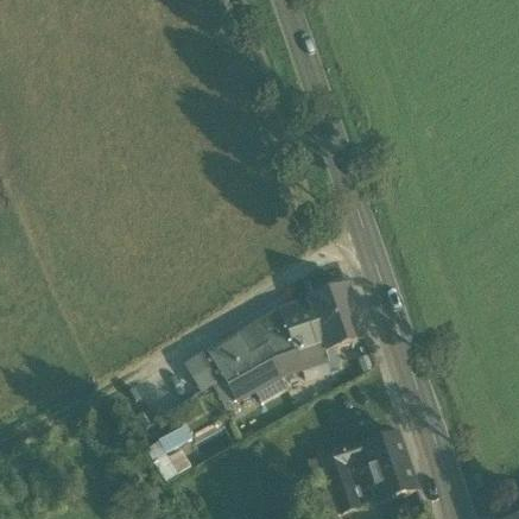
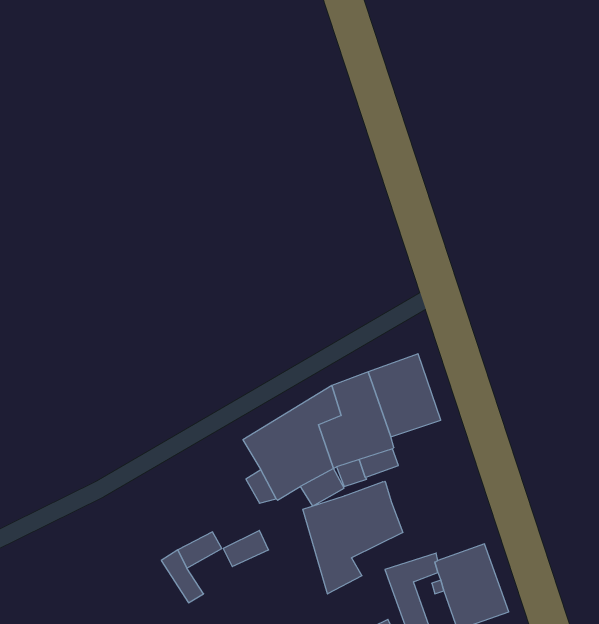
building: [186,352,222,387] -> none
building: none -> [303,481,403,594]

